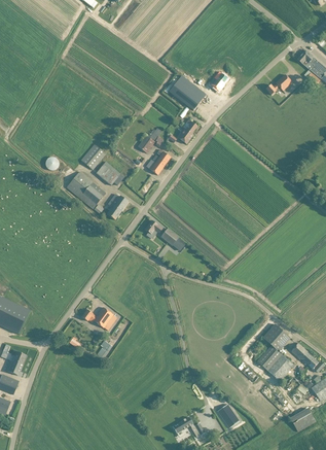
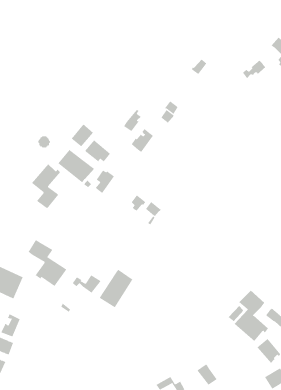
building: [170,75,207,110] -> none
building: none -> [31,164,61,209]
building: none -> [28,239,67,287]
building: none -> [99,269,133,308]

